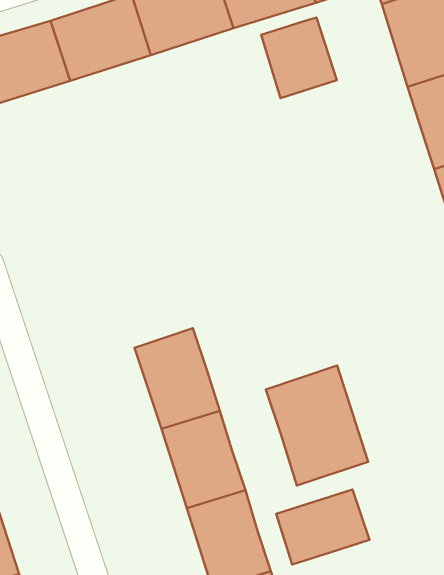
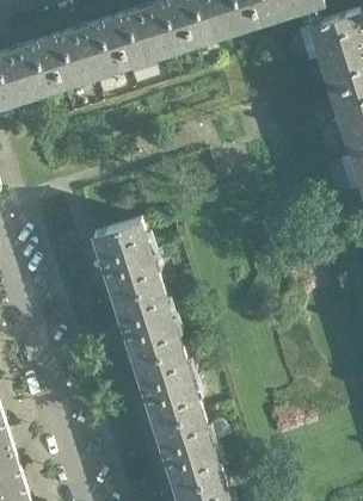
building: [261,18,337,98] -> none
building: none -> [92,219,159,298]
building: [266,366,368,486] -> none
building: [276,490,370,565] -> none

